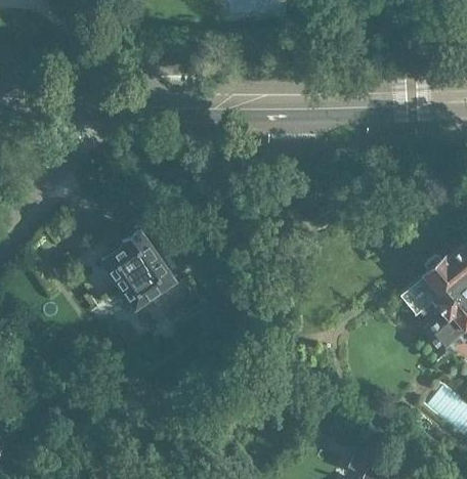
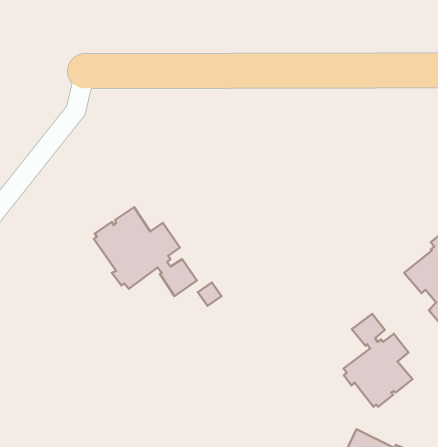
building: none -> [344,314,412,407]

